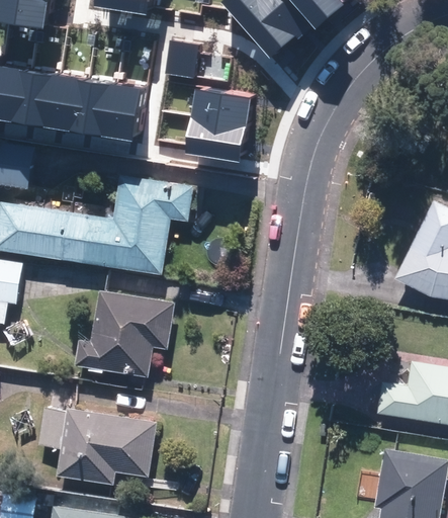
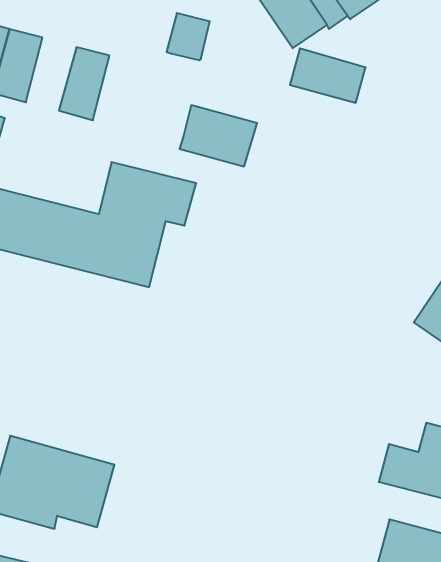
building: [50,74,87,134] -> none
building: [107,83,143,143] -> none
building: [188,86,250,126] -> [290,48,366,103]
building: [73,292,172,376] -> none

